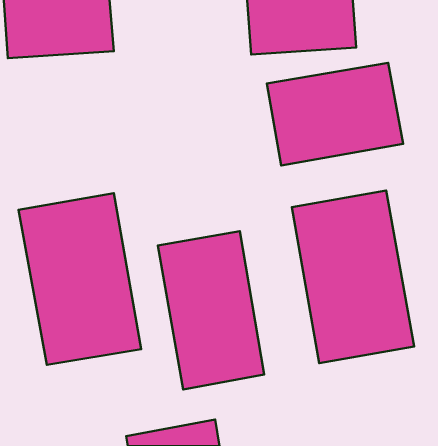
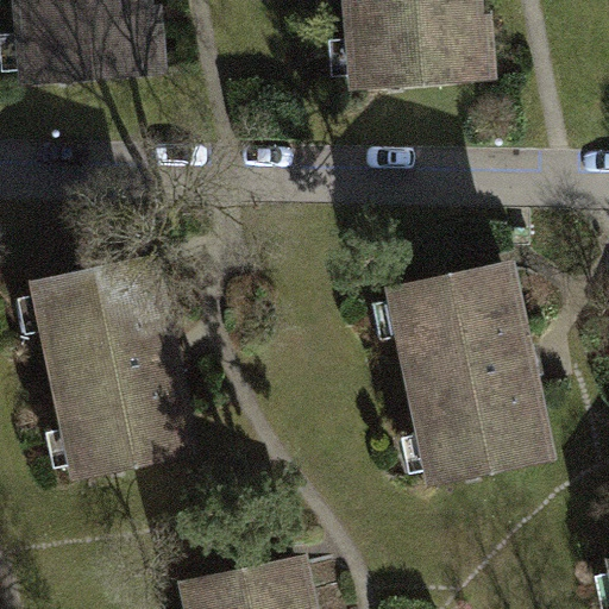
building: [267,63,403,165] -> none
building: [158,231,264,390] -> none

